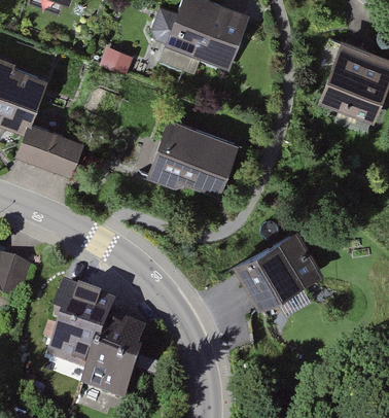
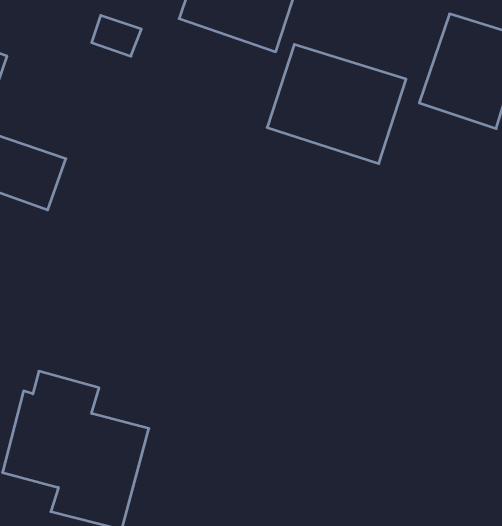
building: [146,118,241,200] -> [267,44,406,164]
building: [237,230,328,313] -> none

